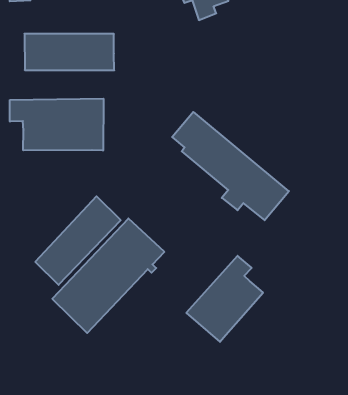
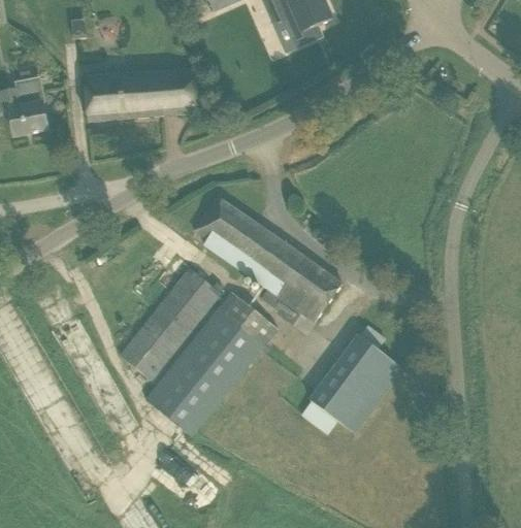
building: [10,99,103,151] -> none
building: [172,112,289,220] -> [194,196,343,321]

